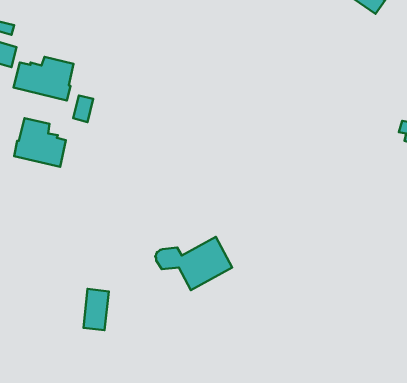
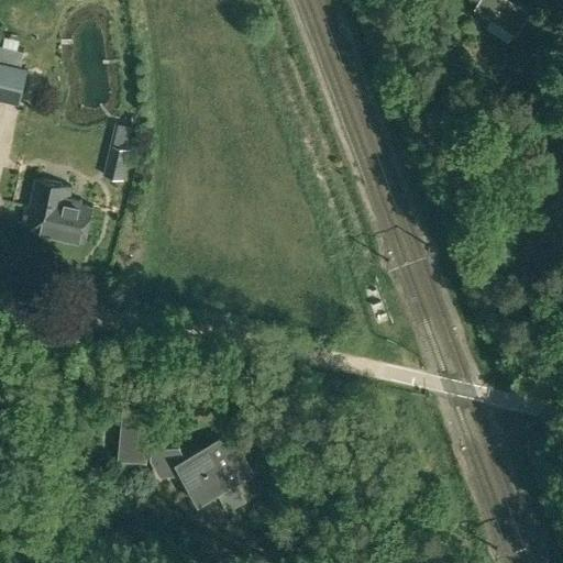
building: [13,57,73,100] -> none
building: [155,237,232,290] -> [147,434,252,507]

